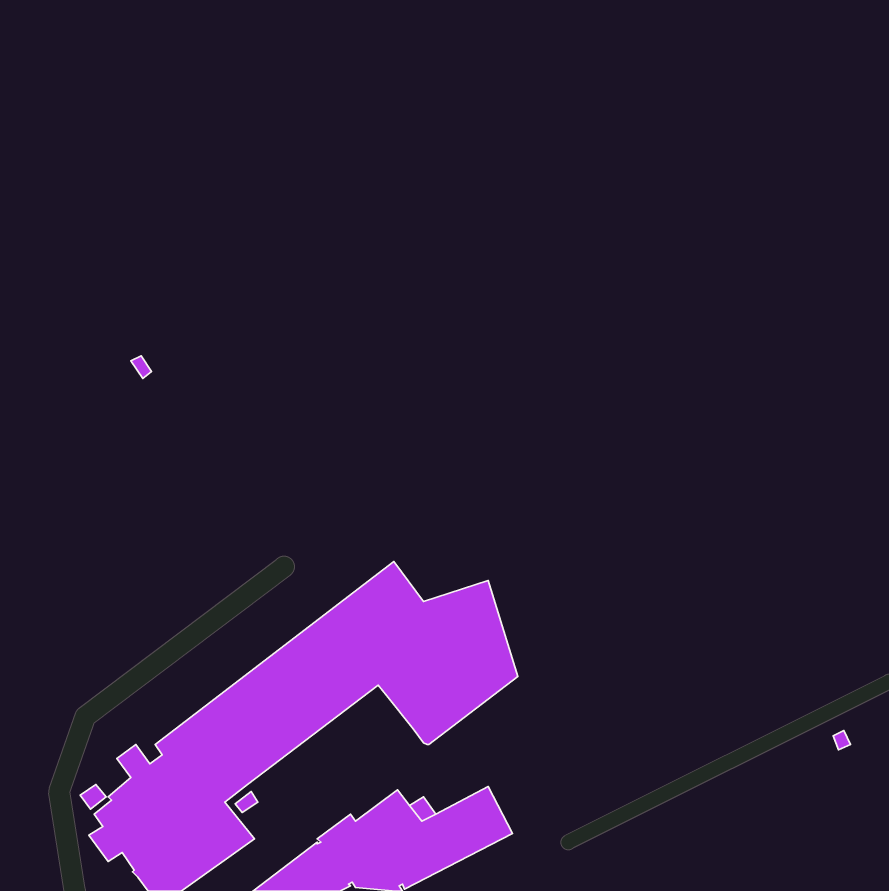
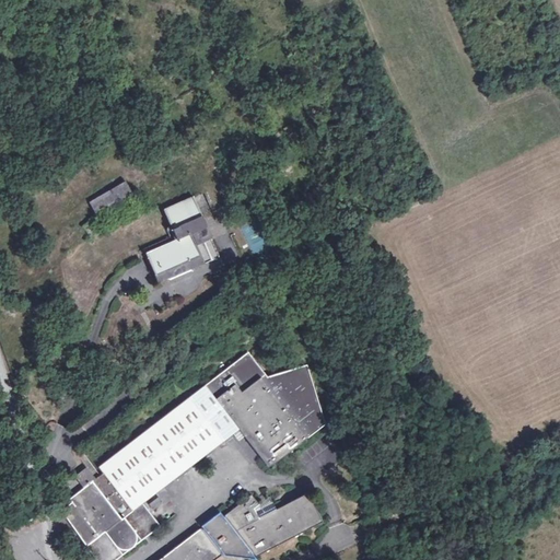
building: none -> [88,180,131,215]
building: none -> [144,197,210,281]

